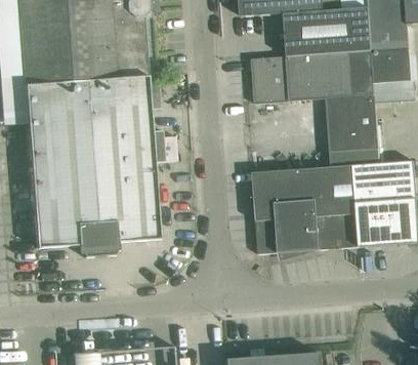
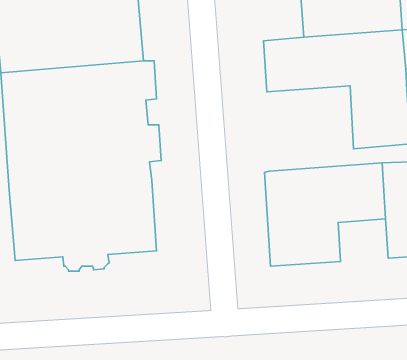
building: [317,212,360,249] -> none

